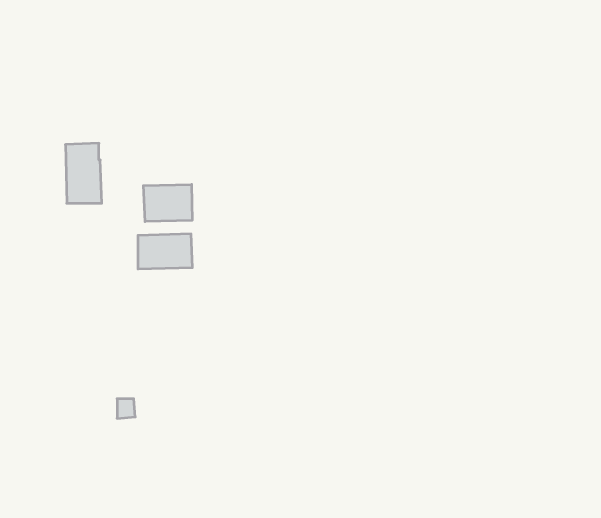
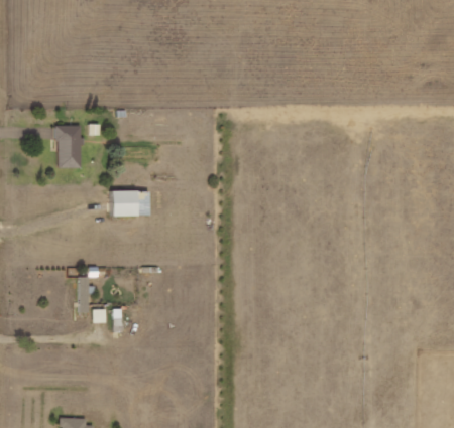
building: [143,184,192,222] -> none

